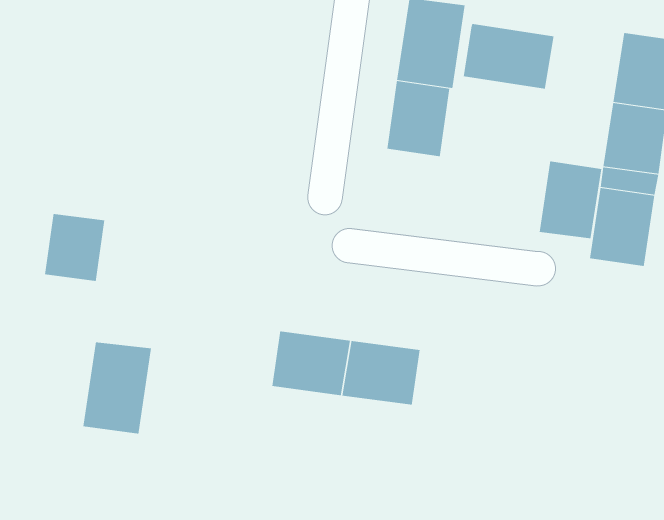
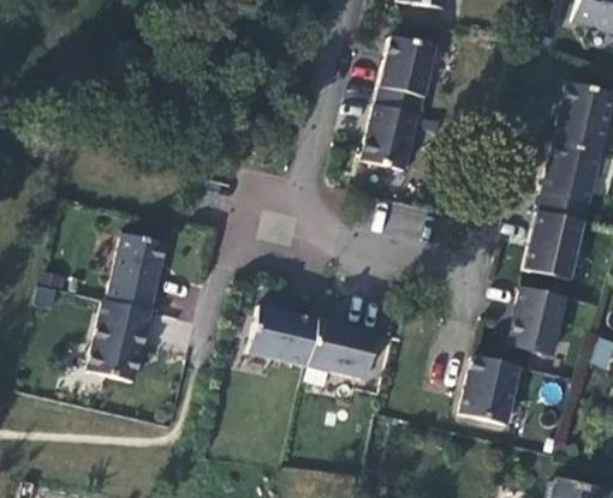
building: [463,23,554,89] -> none
building: [539,161,602,239] -> [506,283,564,352]
building: [44,213,105,281] -> [111,232,166,292]
building: none -> [457,352,518,420]

